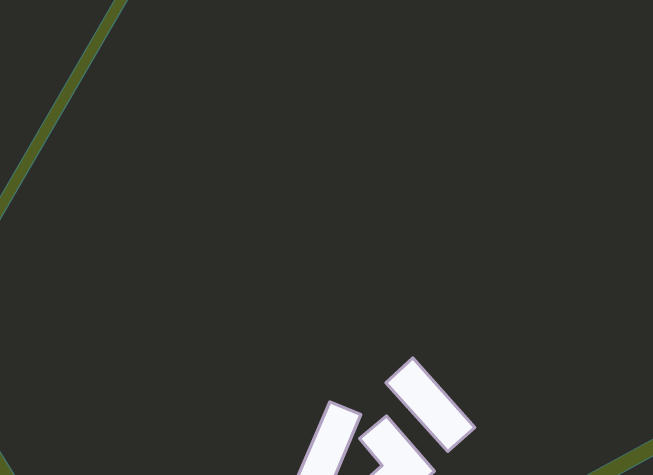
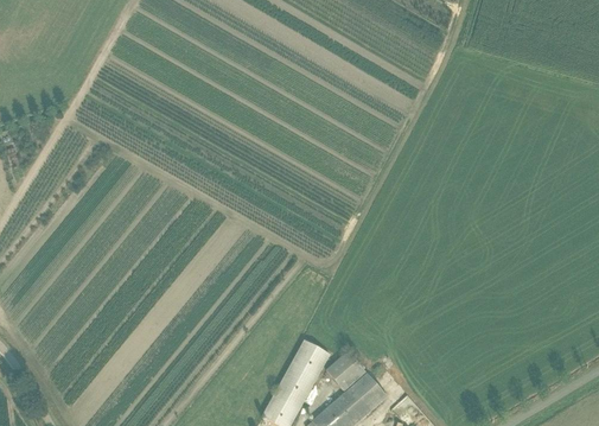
building: [386,358,475,451] -> none

